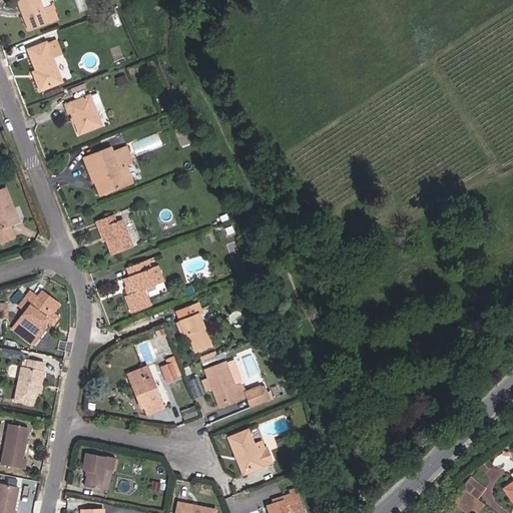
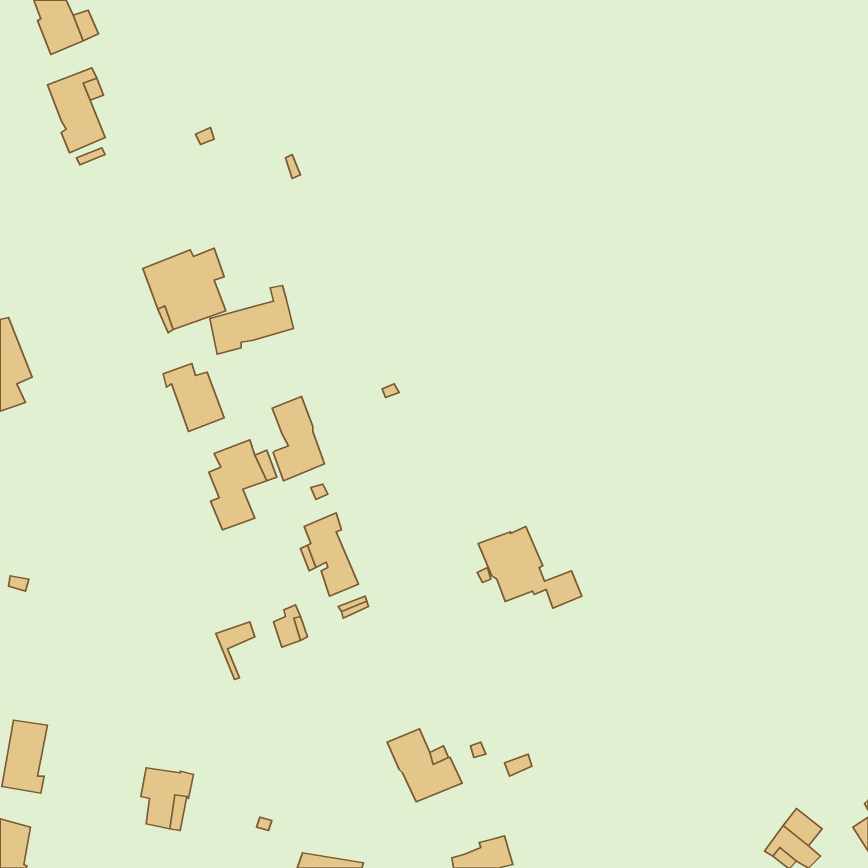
building: [66,94,103,134] -> none
building: none -> [210,285,293,354]
building: none -> [272,397,324,481]
building: [13,291,56,344] -> none
building: [15,360,44,406] -> none
building: [205,360,267,408] -> [478,527,582,608]
building: [134,376,164,415] -> none

